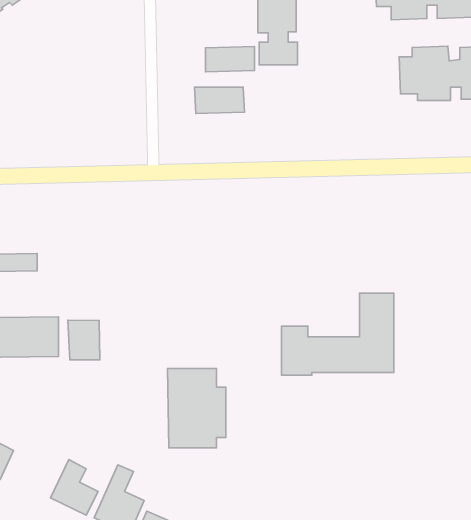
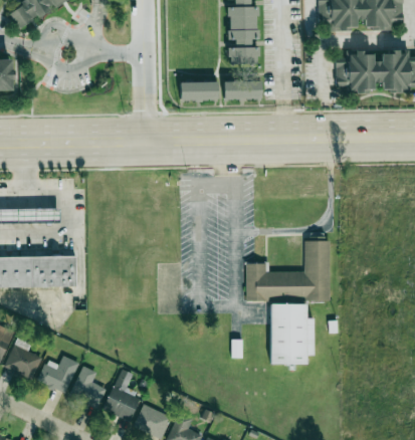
building: [206,47,254,72] -> [224,80,261,99]
building: [68,320,100,360] -> none
building: [168,369,226,448] -> [270,303,315,364]
building: none -> [37,356,79,394]

